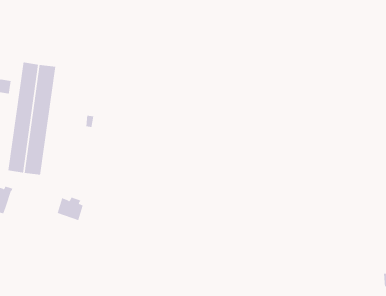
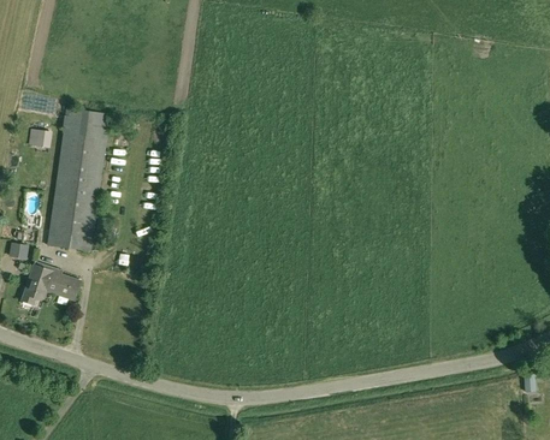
building: [57,197,83,221] -> [46,269,79,299]

